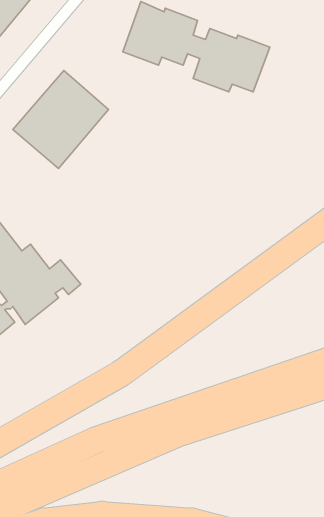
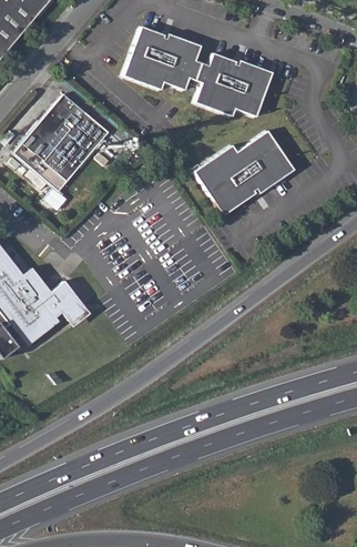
building: none -> [194,130,294,213]

